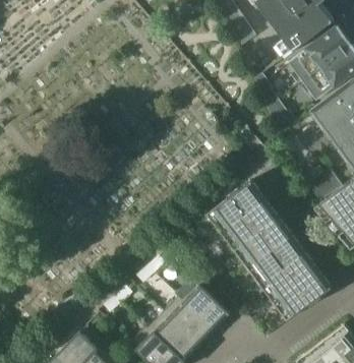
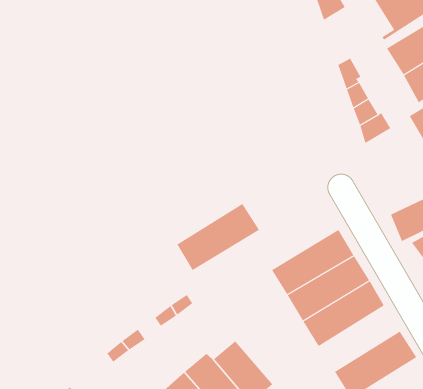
building: [206,180,267,233] -> [177,203,260,271]
building: [259,251,318,303] -> none

